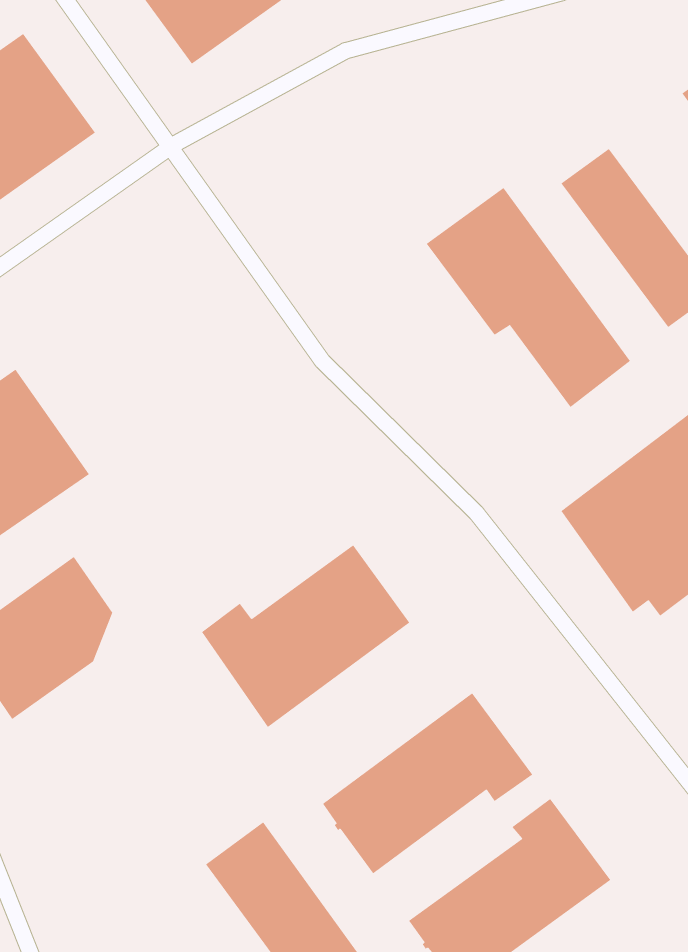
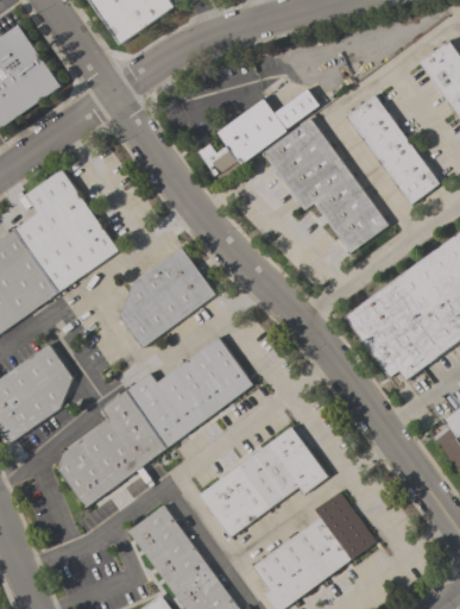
building: none -> [197,88,320,182]
building: none -> [14,169,118,293]
building: none -> [116,246,215,349]
building: none -> [58,390,166,508]

